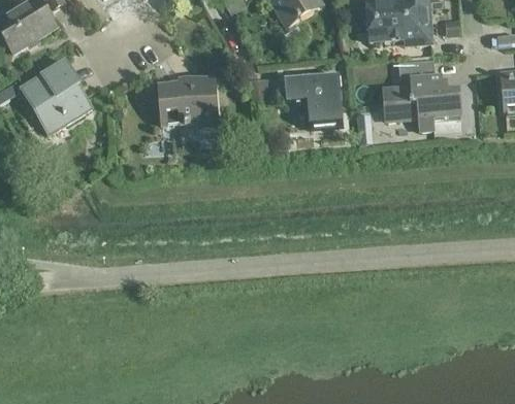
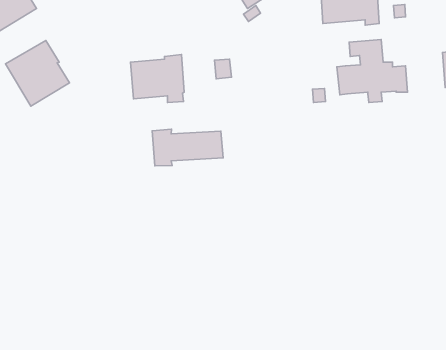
building: [285,74,342,127] -> none
building: none -> [152,129,223,166]

